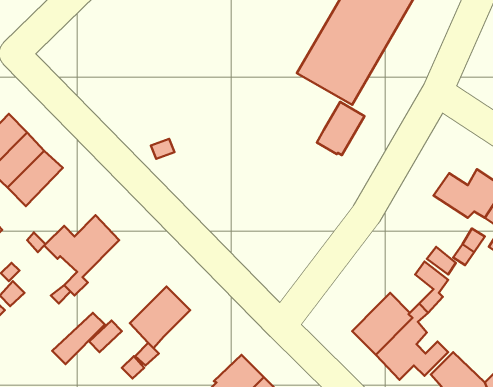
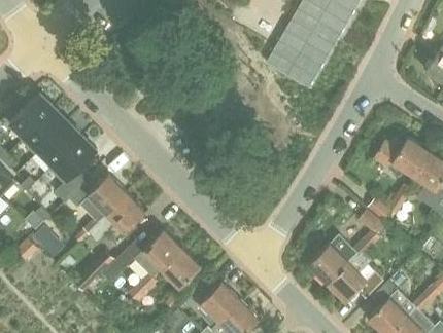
building: [317,102,365,155] -> none
building: none -> [53,137,96,180]
building: none -> [91,193,145,243]
building: none -> [161,248,201,291]

